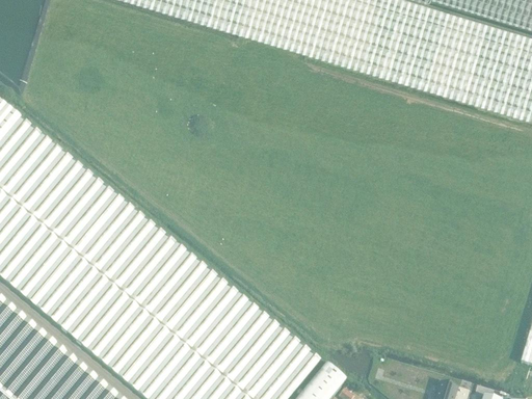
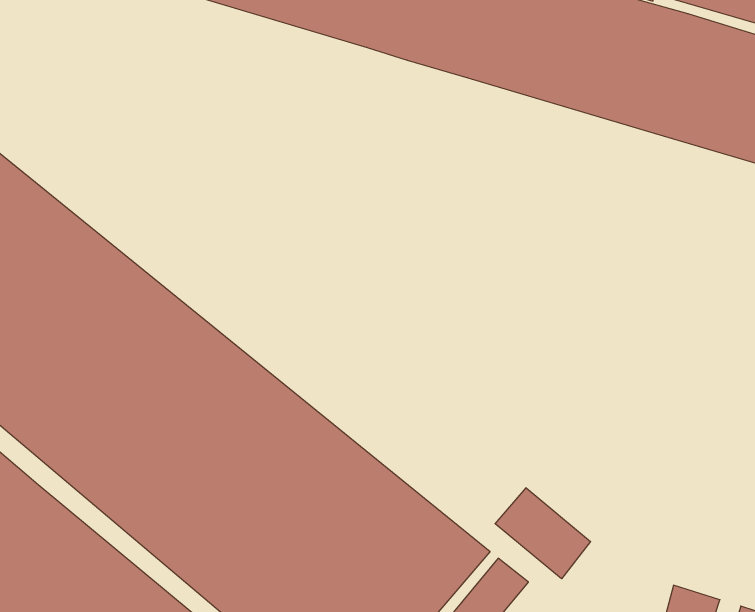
building: none -> [495,488,591,579]

